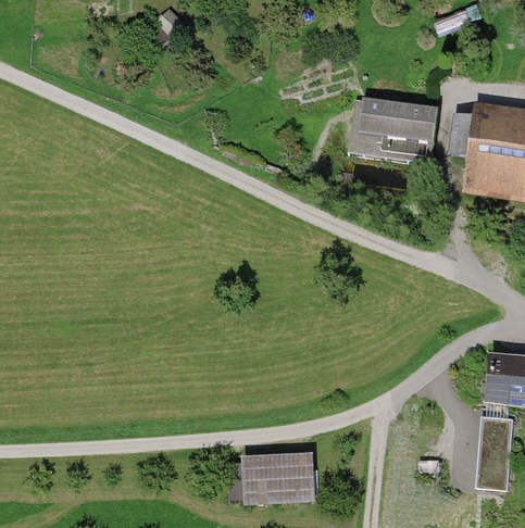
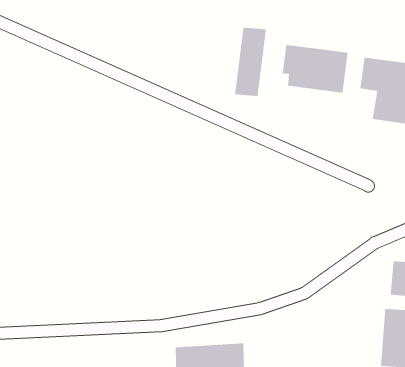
building: none -> [235,27,267,97]

